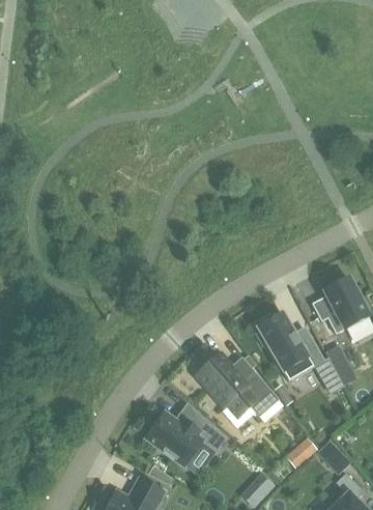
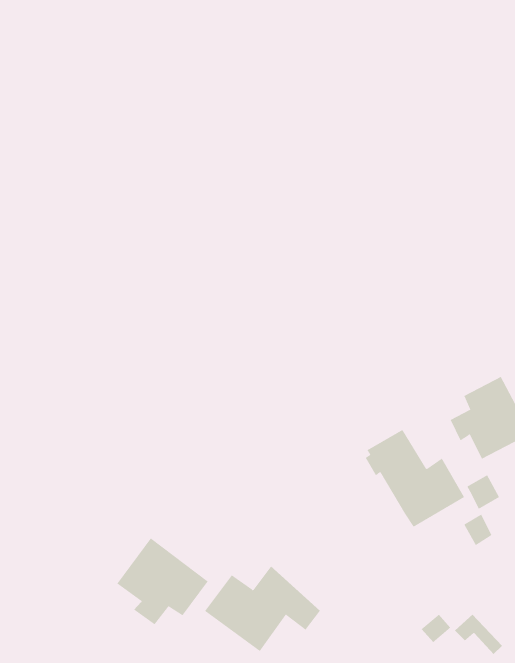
building: [196,353,278,417] -> none
building: none -> [116,538,209,625]

